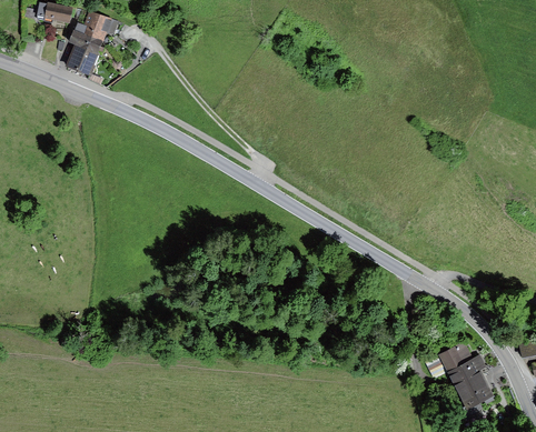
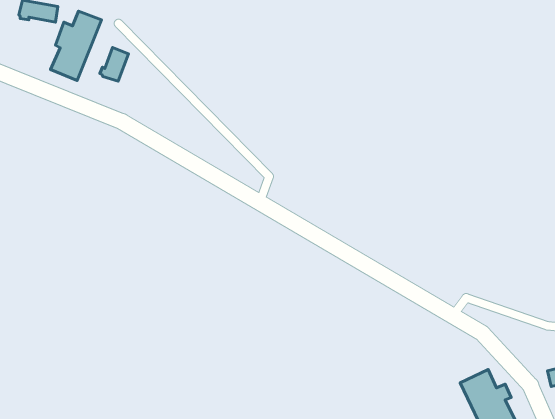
building: none -> [100,47,129,81]

